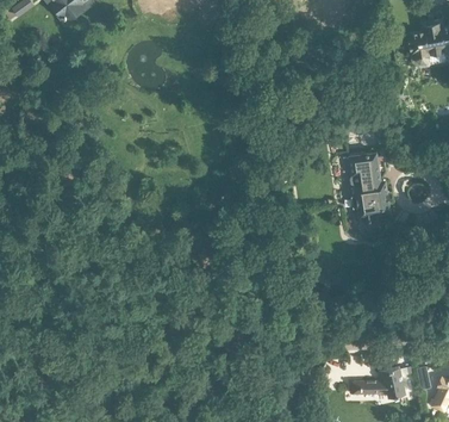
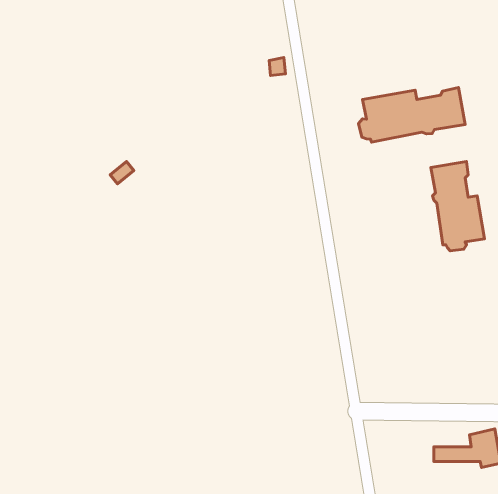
building: none -> [359,87,465,142]

